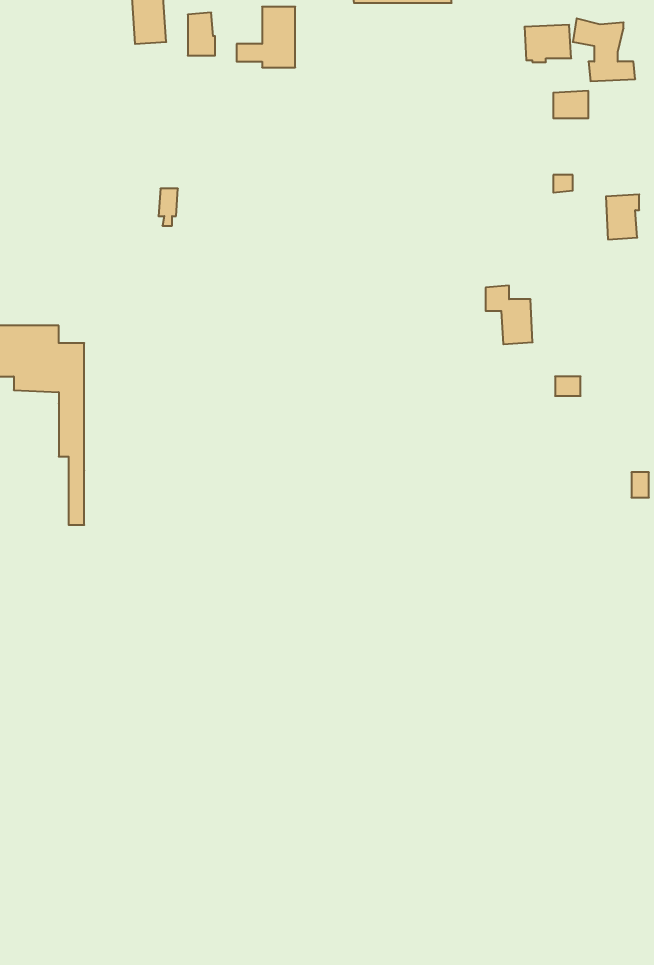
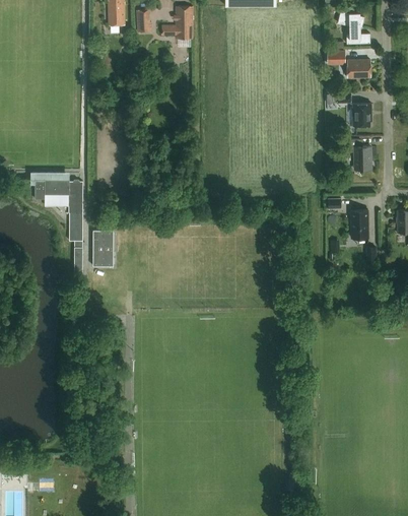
building: [524,25,571,62] -> [345,60,369,79]
building: [486,286,533,344] -> [346,139,370,170]
building: none -> [351,210,368,238]
building: none -> [92,230,113,266]

